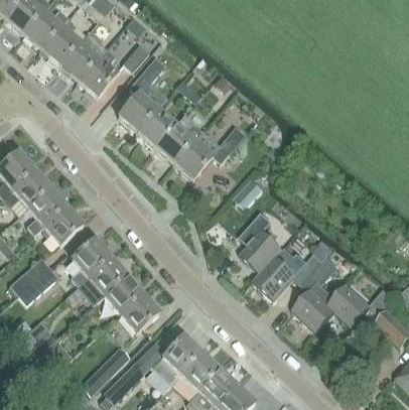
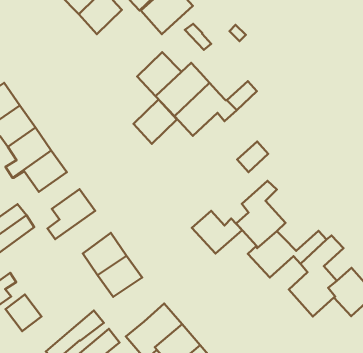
building: [119,92,157,132] -> [134,100,177,144]
building: none -> [192,211,242,254]
building: [78,257,128,305] -> none

